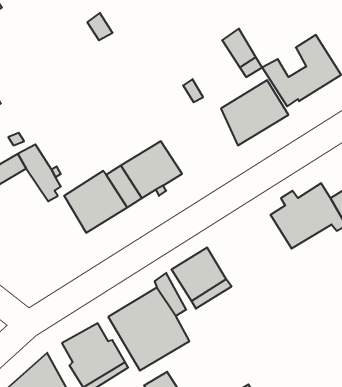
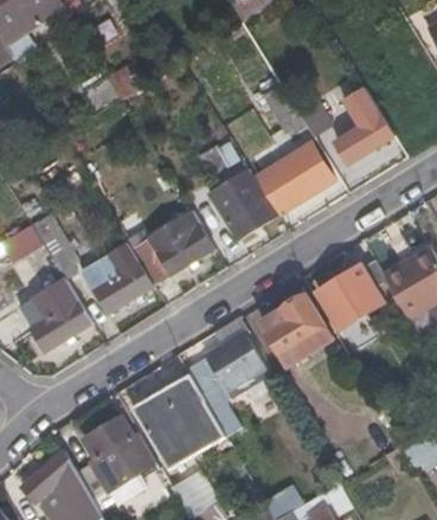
building: none -> [210,169,277,239]
building: none -> [20,277,94,349]
building: none -> [262,293,335,367]

